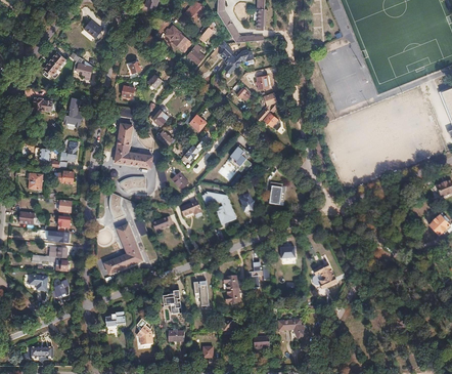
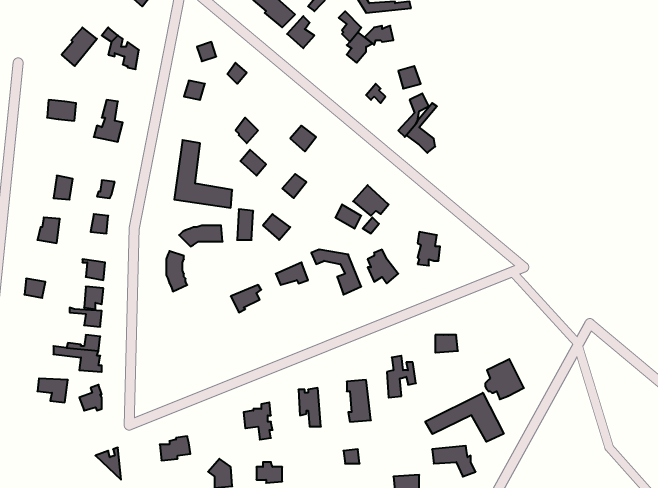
building: [104,224,141,274] -> none
building: none -> [425,393,504,442]

